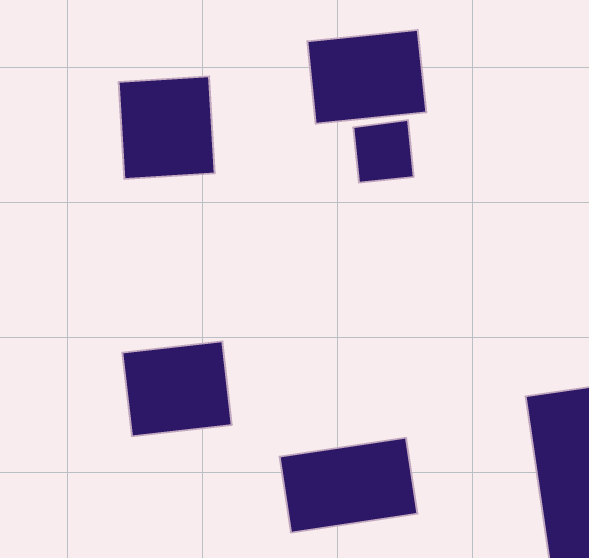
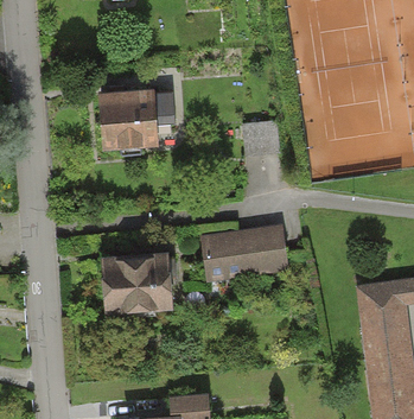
building: [307,30,426,124] -> none
building: [279,438,418,532] -> [199,227,286,286]

